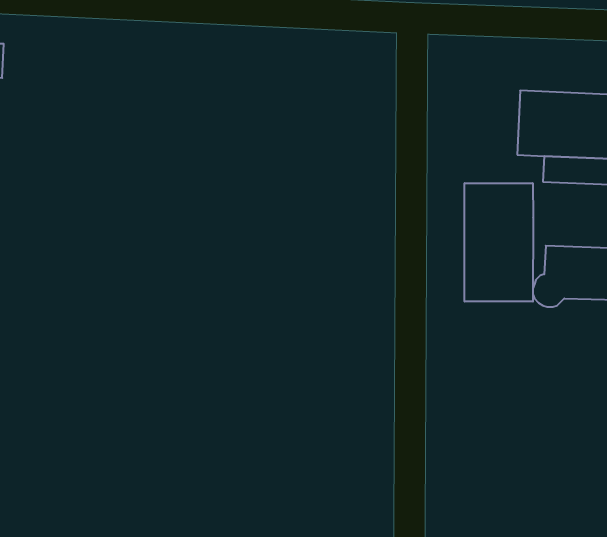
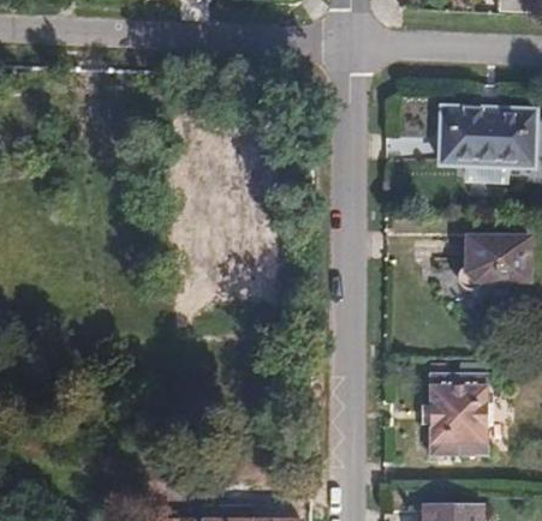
building: [465,183,533,302] -> none
building: none -> [434,376,490,455]

